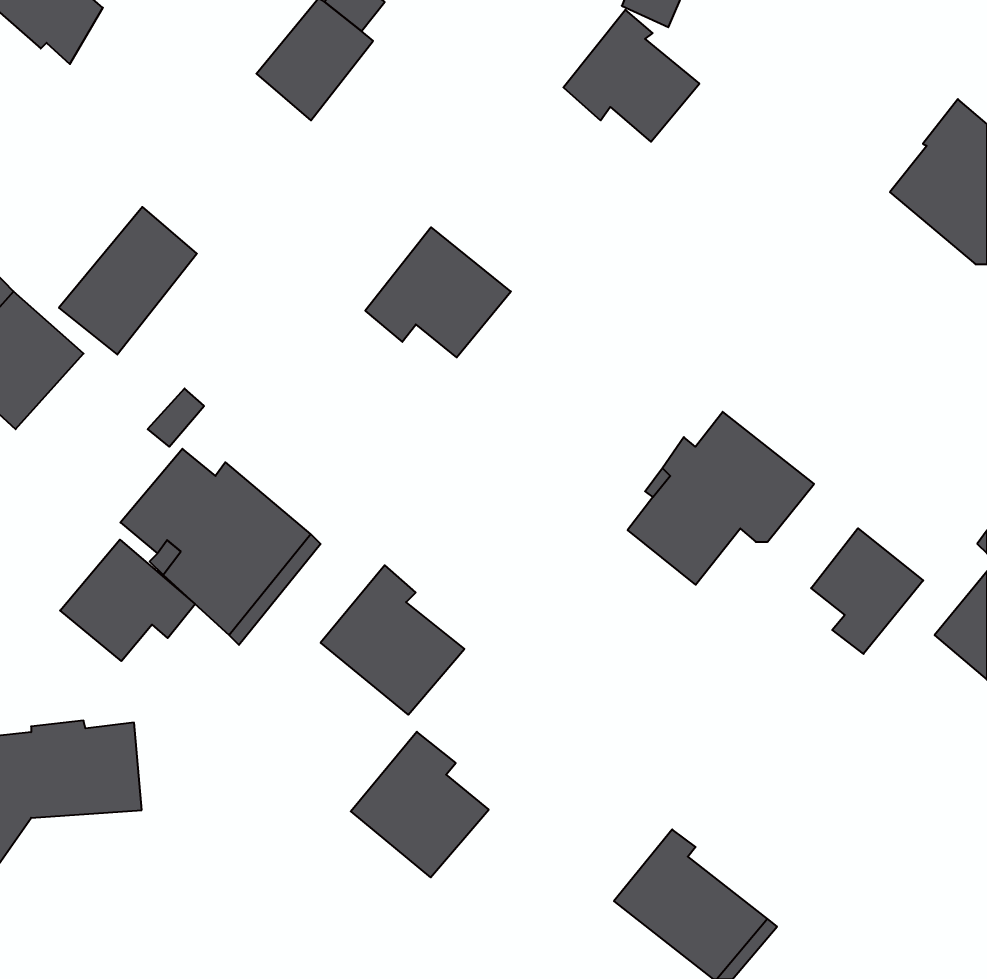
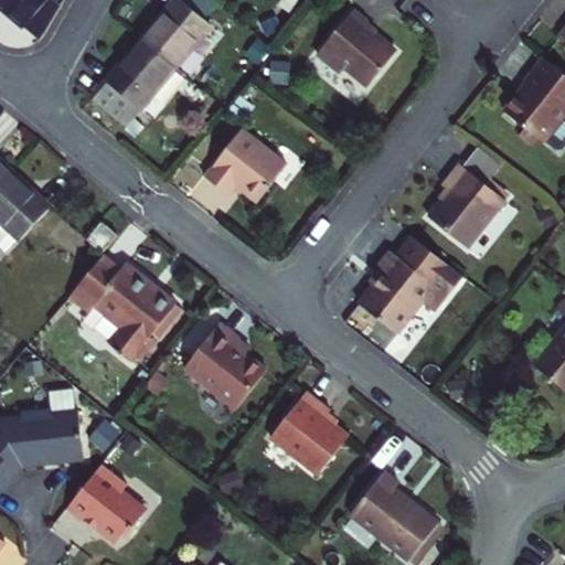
building: [59,207,197,355] -> [98,42,177,126]
building: none -> [428,162,504,245]
building: [811,528,923,654] -> none
building: [60,540,195,661] -> none
building: [351,732,489,877] -> [270,390,349,472]
building: none -> [63,463,142,542]

